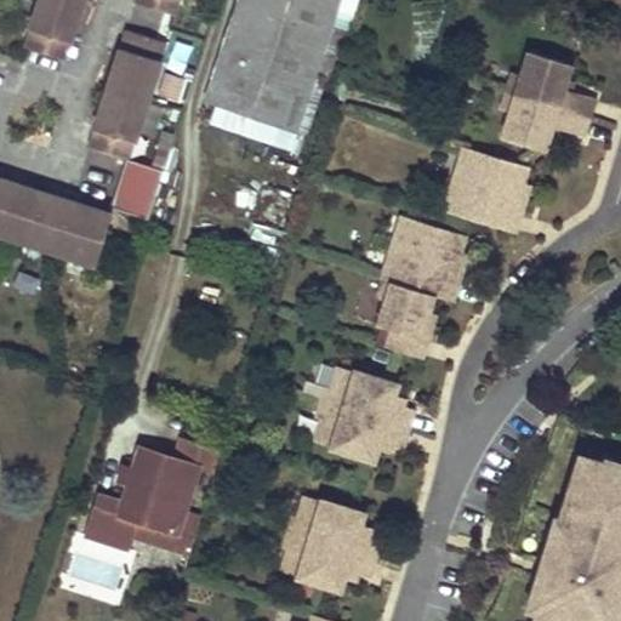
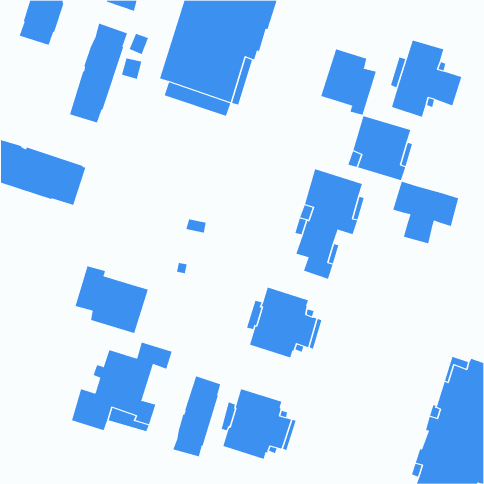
building: none -> [321,49,377,116]
building: [110,158,163,218] -> none
building: none -> [393,181,459,244]
building: none -> [75,265,148,334]
building: none -> [173,376,221,457]

